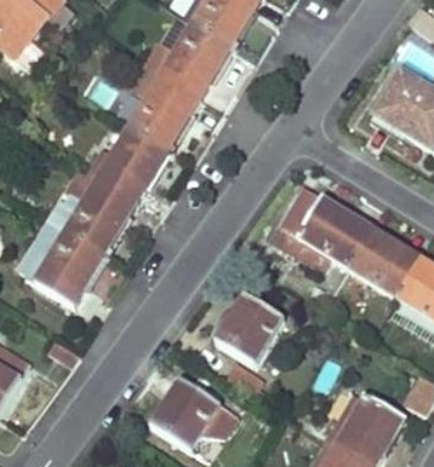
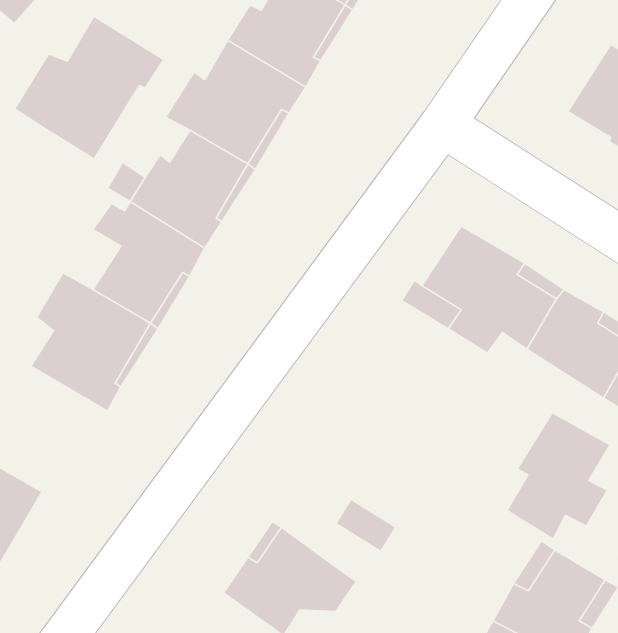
building: none -> [14,16,164,159]
building: [215,296,284,364] -> none
building: none -> [507,412,610,539]

